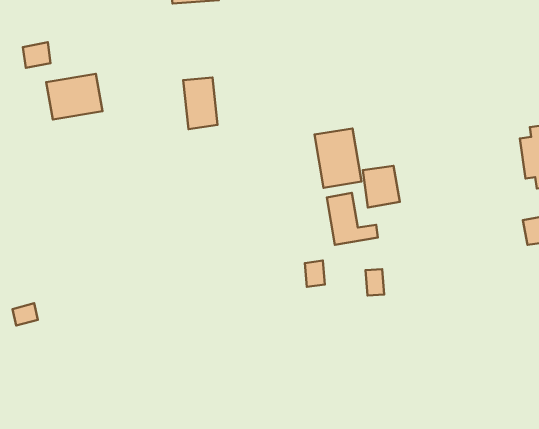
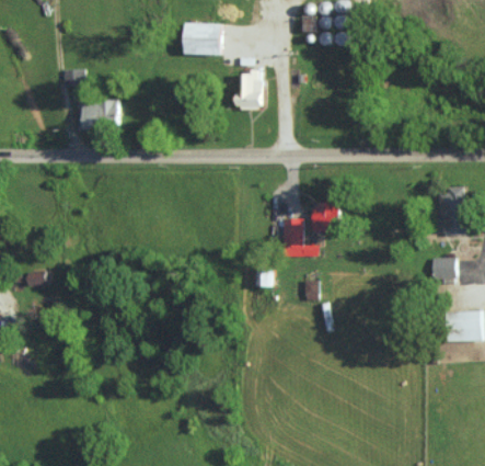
building: [183,78,218,129] -> [236,70,261,109]
building: [314,128,362,188] -> none

